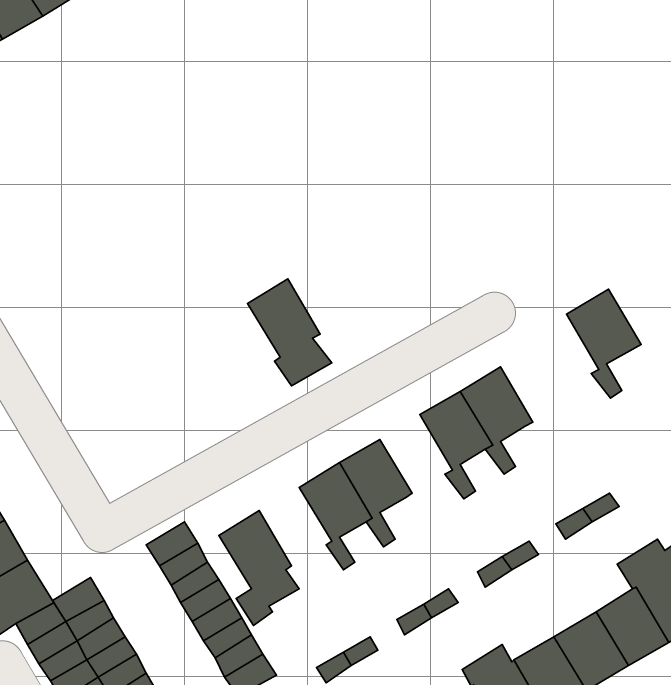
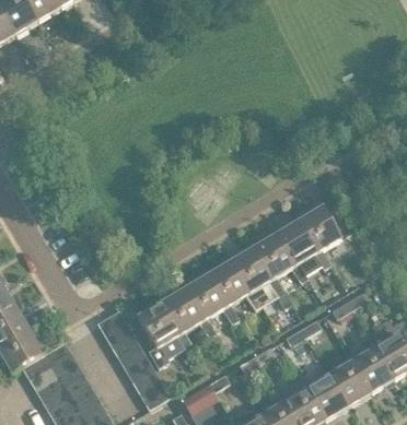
building: [248,279,332,386] -> [230,248,278,309]
building: [566,289,641,398] -> [299,206,341,269]
building: none -> [161,290,202,351]

